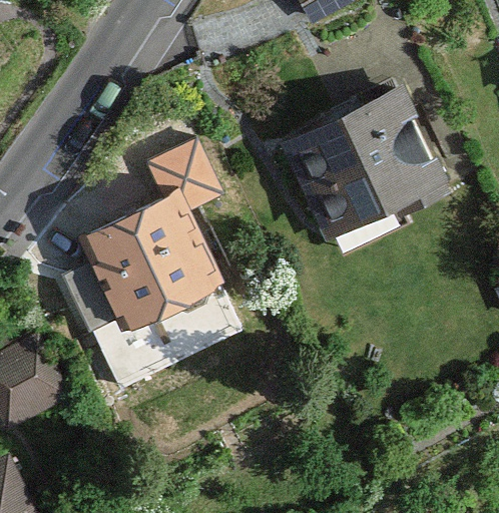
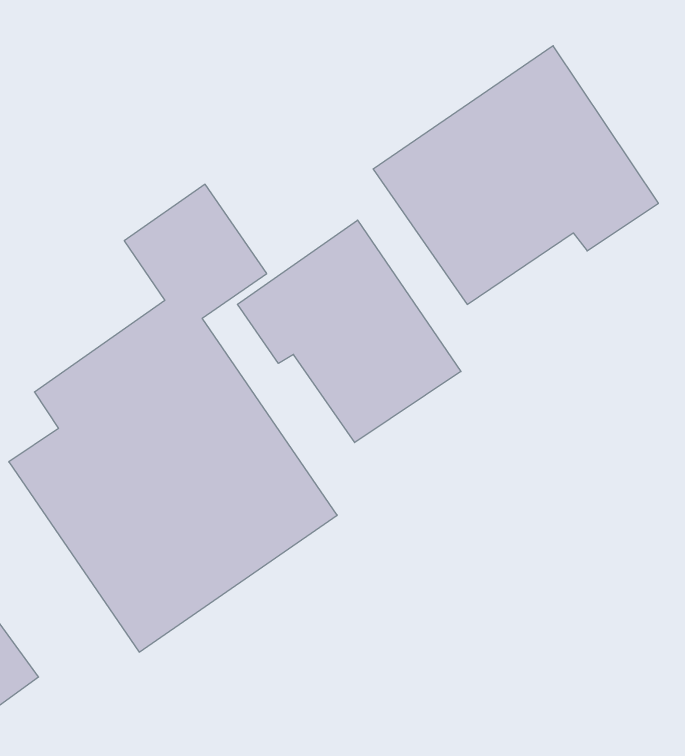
building: none -> [237,220,461,443]

